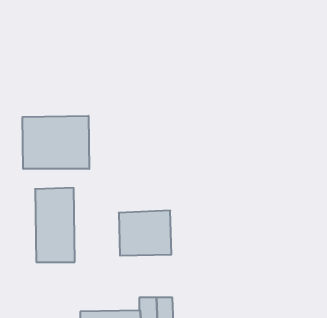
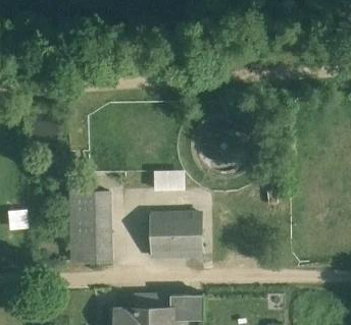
building: [23,116,89,169] -> none
building: none -> [151,172,184,192]

